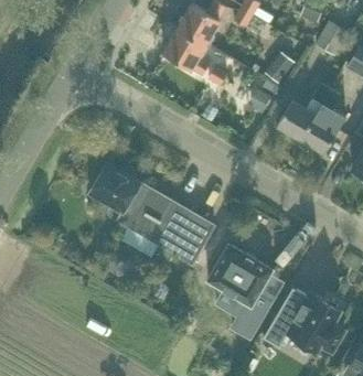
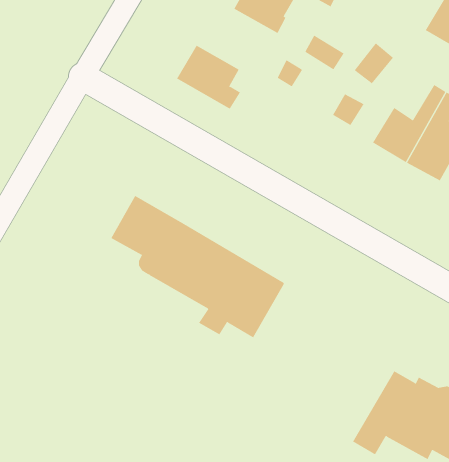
building: [163,29,210,75] -> [176,45,241,109]
building: [213,249,285,341] -> none

